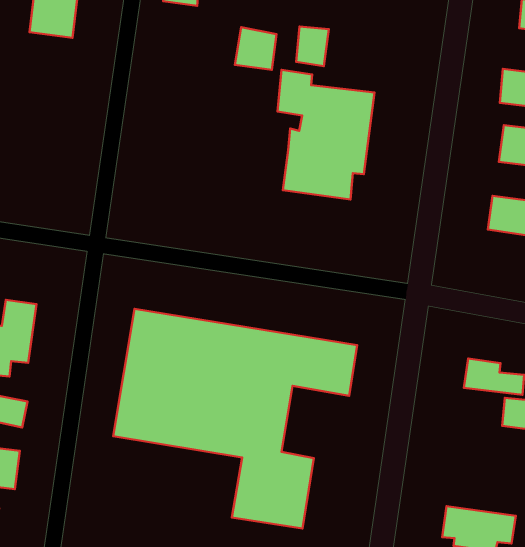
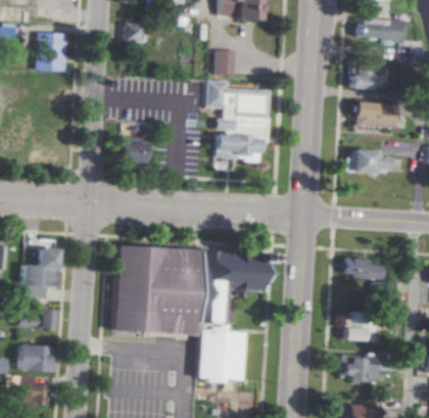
building: [235,27,276,70] -> none
building: none -> [120,137,145,161]
building: none -> [345,313,378,340]

